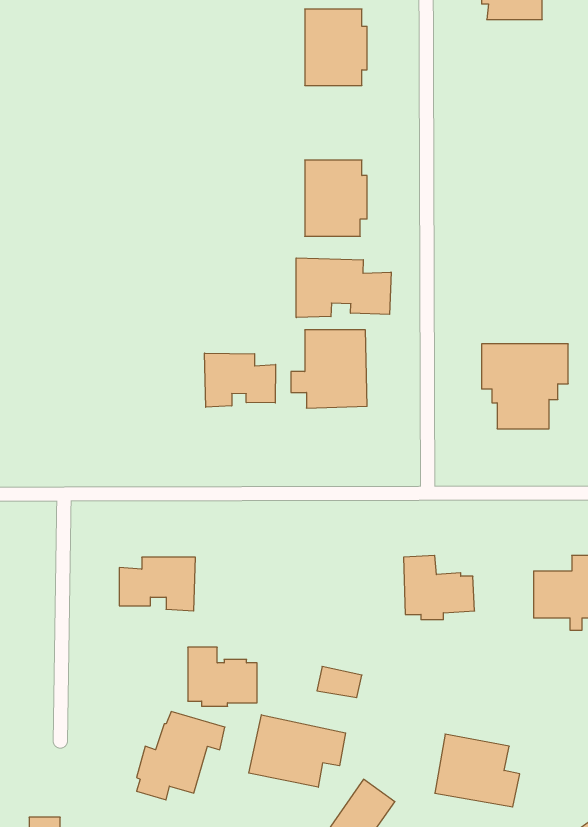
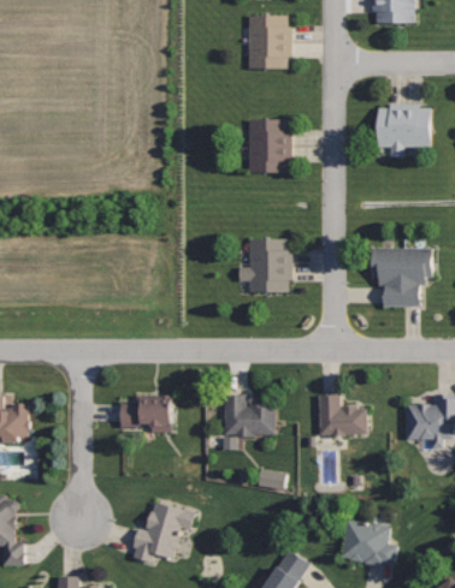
building: none -> [377,103,429,158]
building: [296,258,391,318] -> none
building: [205,353,276,407] -> none
building: [188,647,257,706] -> [225,396,273,436]
building: [249,715,346,787] -> none

